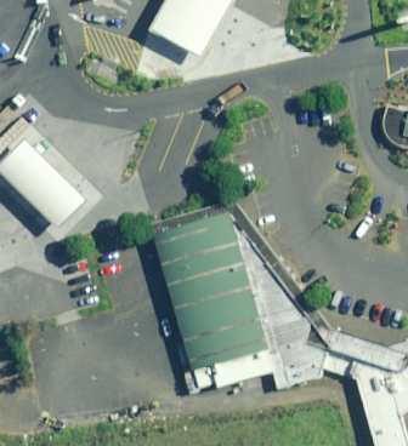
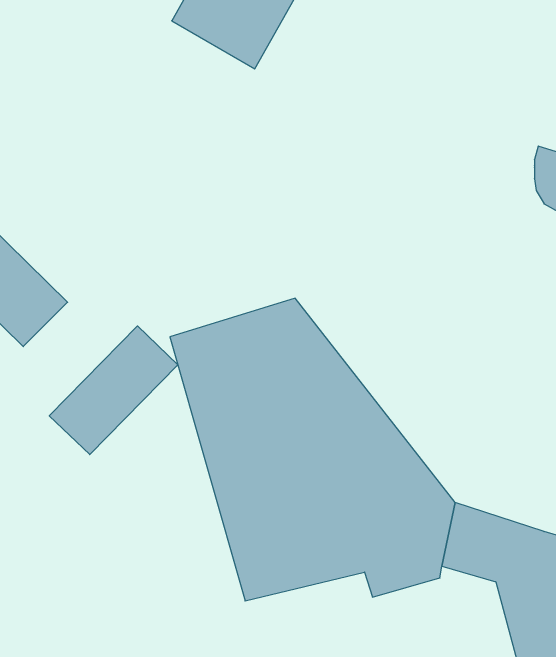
building: none -> [49,326,178,455]

